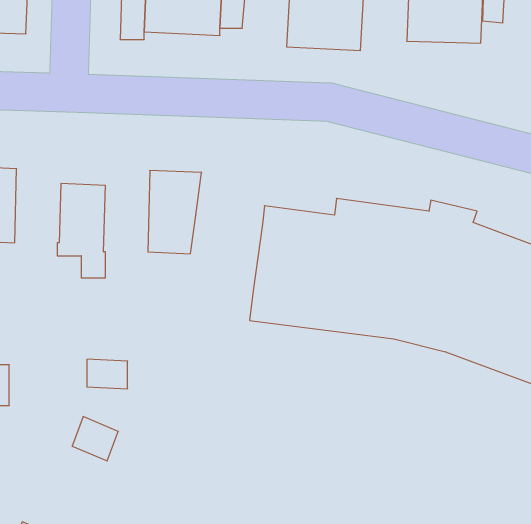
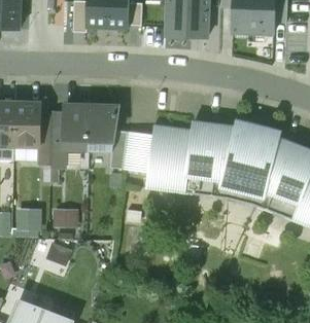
building: none -> [13,103,39,144]
building: none -> [63,104,89,149]
building: none -> [109,129,151,171]
building: none -> [14,208,40,230]

